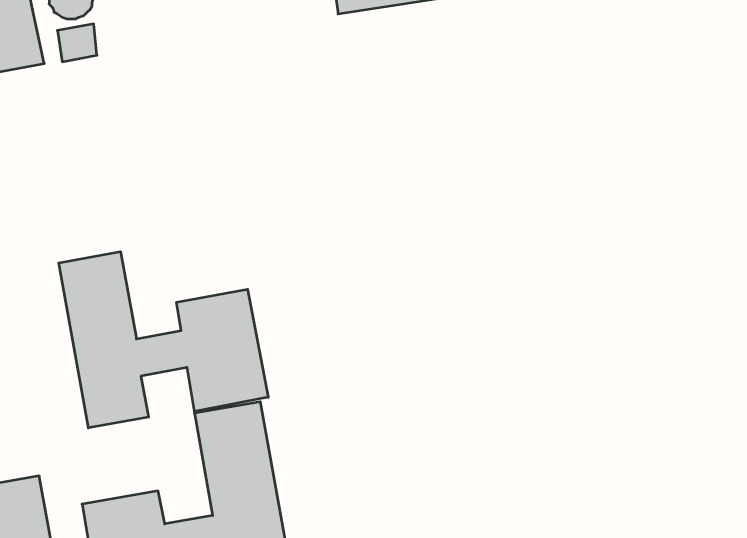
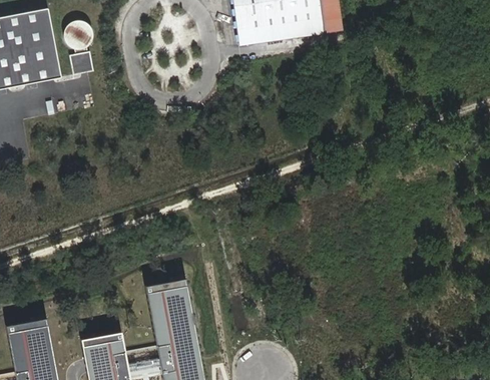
building: [59,252,268,428] -> none

